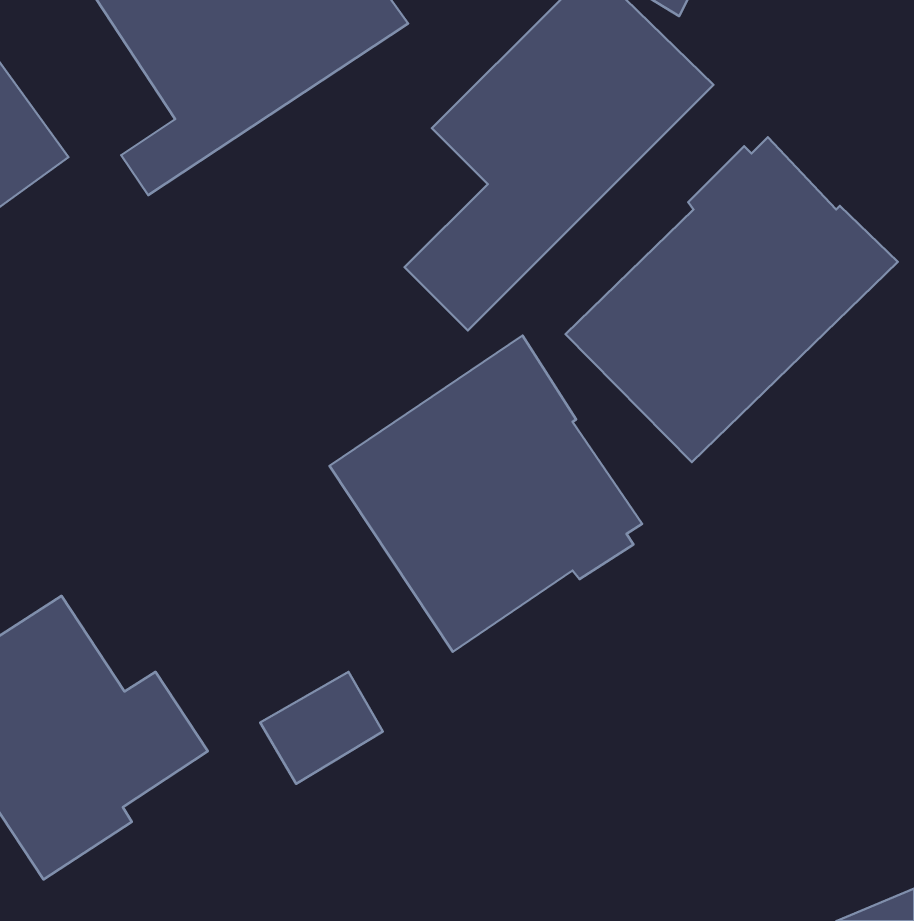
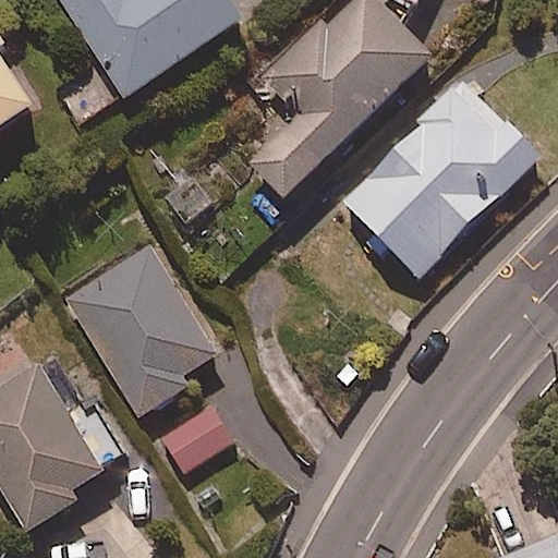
building: [330,336,642,652] -> none
building: none -> [62,243,218,416]

